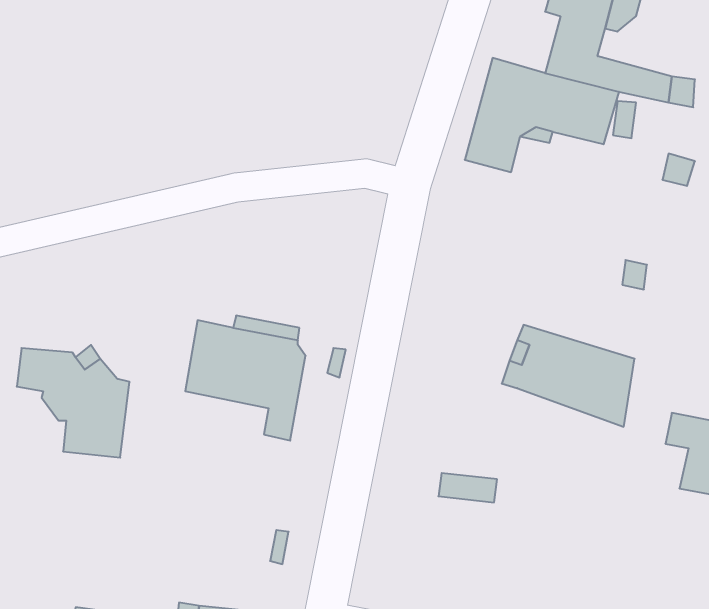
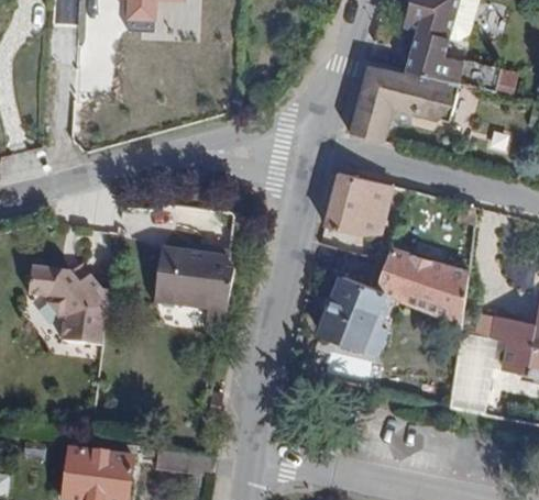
building: none -> [323,173,391,234]
building: none -> [319,278,387,355]

